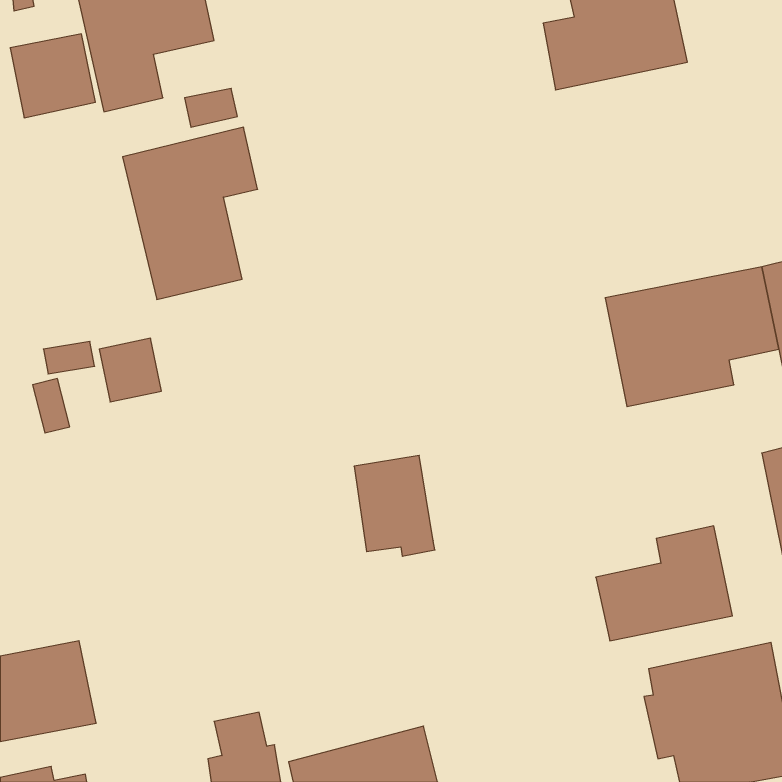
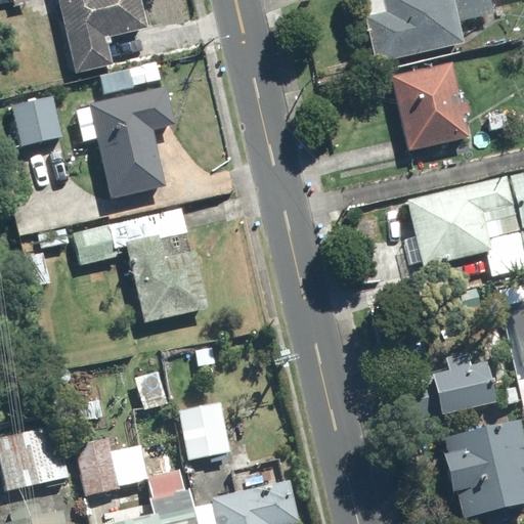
building: [10,34,95,118] -> [11,92,68,147]
building: none -> [391,61,473,148]
building: none -> [108,207,208,322]
building: [354,455,435,556] -> [179,397,232,464]
building: none -> [73,433,147,495]

